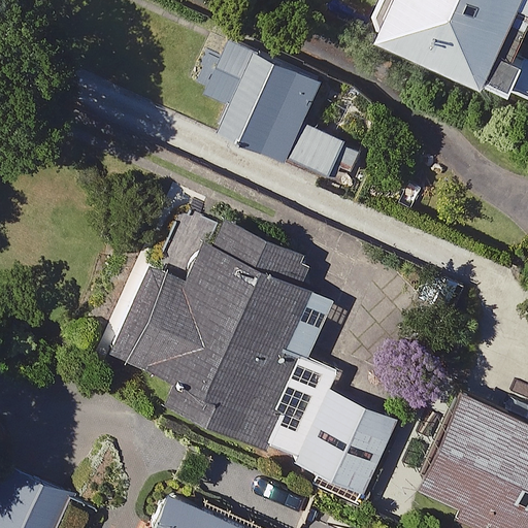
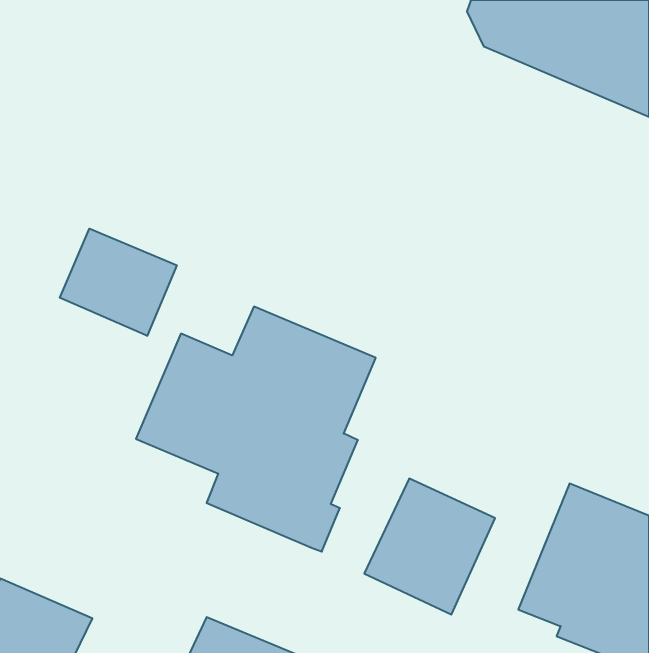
building: [190,41,365,177] -> none
building: none -> [60,229,177,336]

